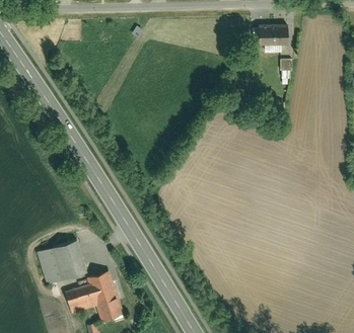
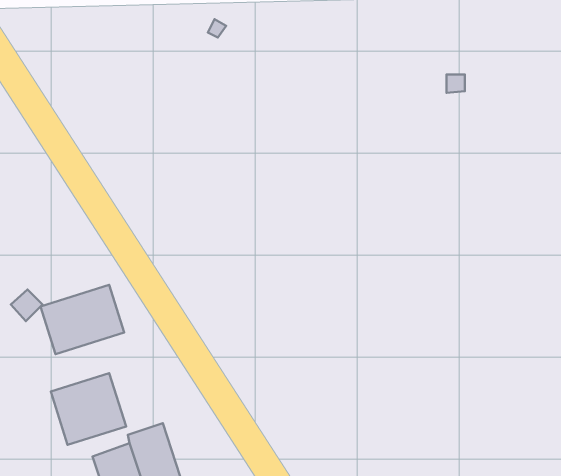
building: [262,24,289,45] -> none
building: none -> [41,285,124,354]

